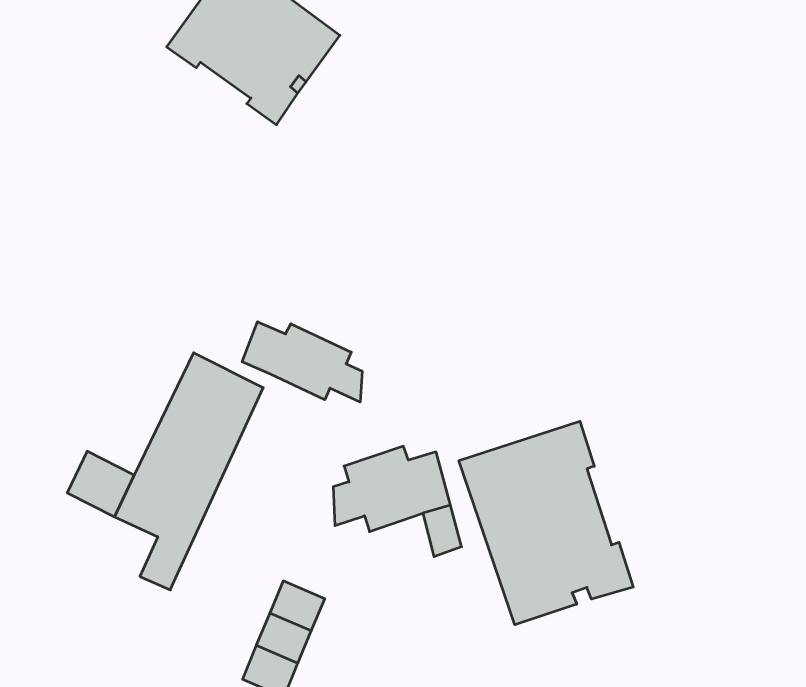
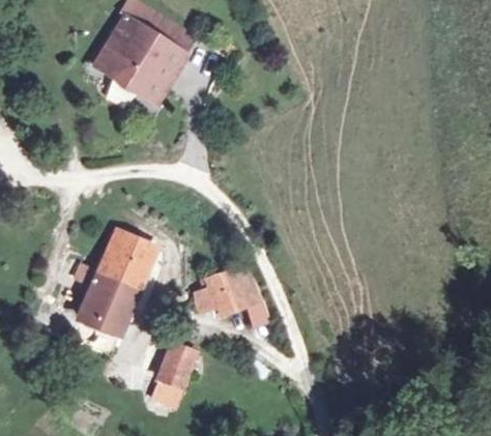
building: [242,322,362,402] -> none
building: [459,421,633,625] -> none

